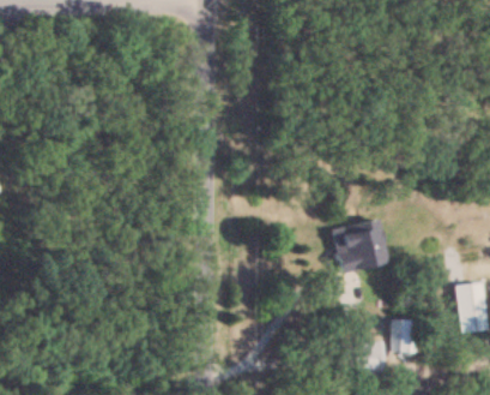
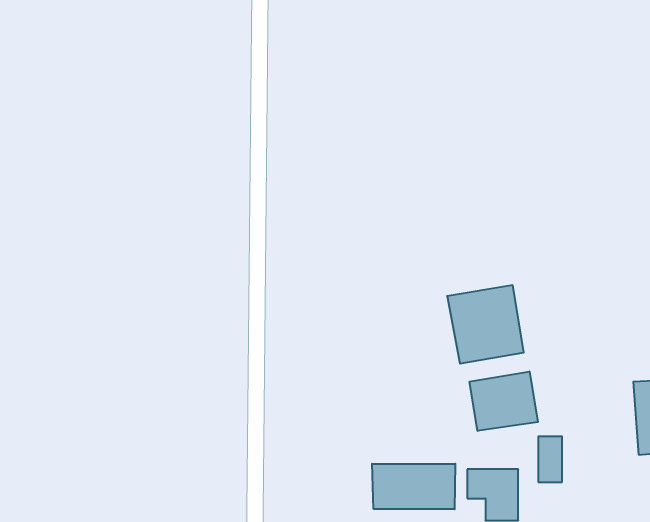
building: none -> [470,371,538,431]
building: none -> [372,464,455,509]

